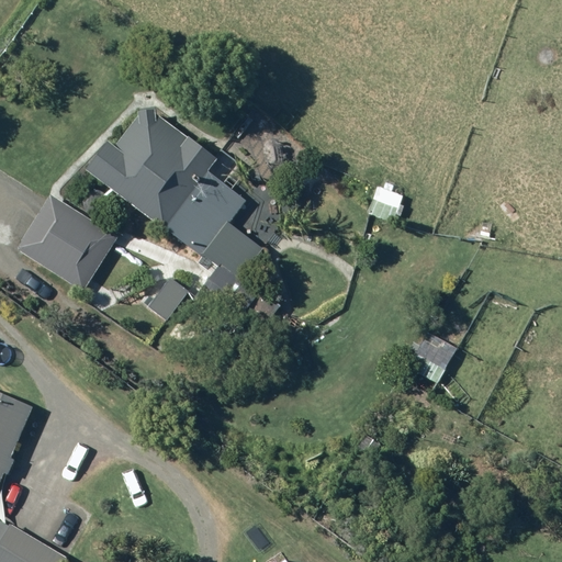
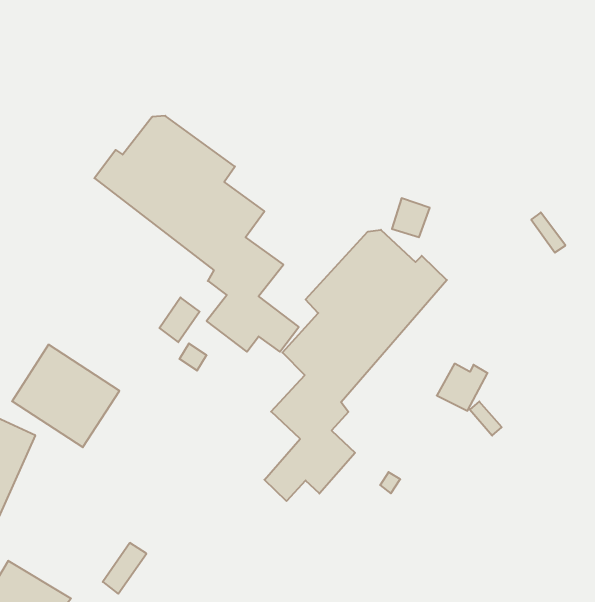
building: [14,194,114,290] -> [12,345,119,447]
building: none -> [264,230,447,501]

